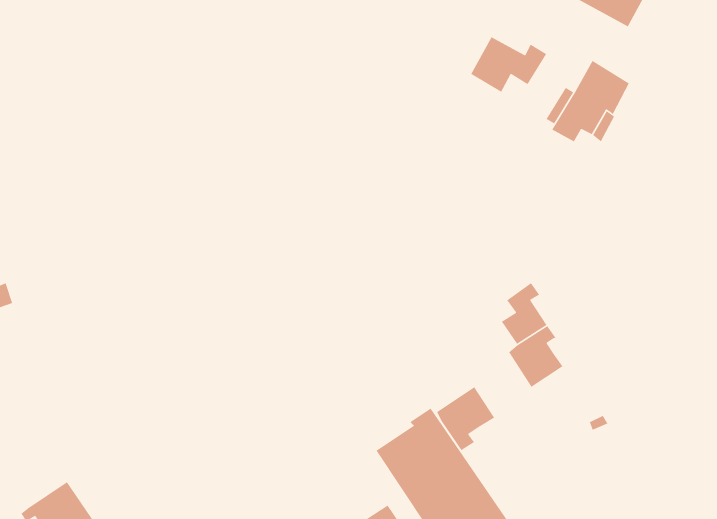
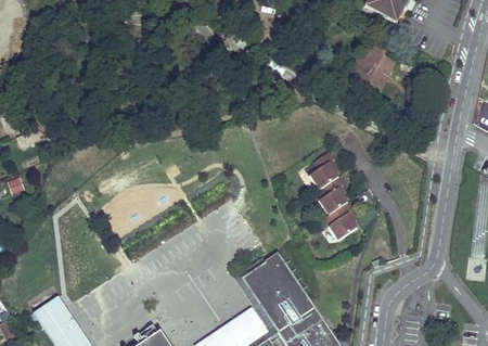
building: [470,36,547,93] -> none
building: none -> [309,151,337,189]
building: [436,386,495,451] -> none

